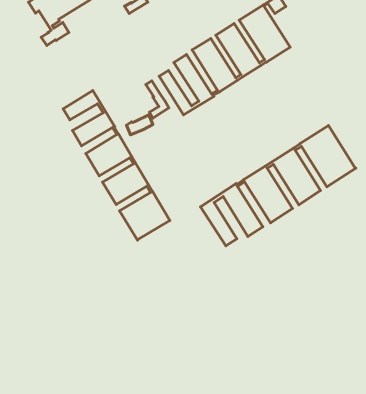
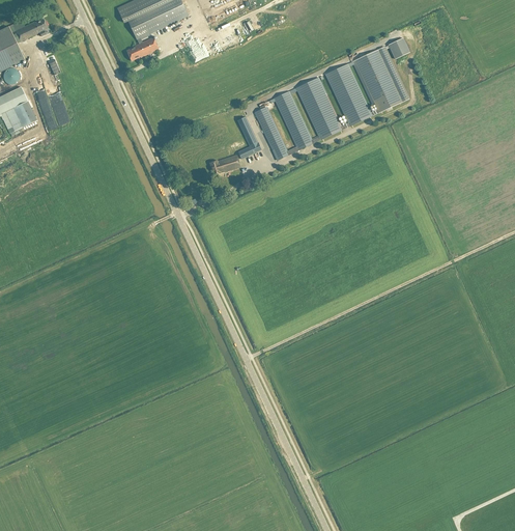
building: [63,91,170,240] -> none
building: [201,126,356,246] -> none

